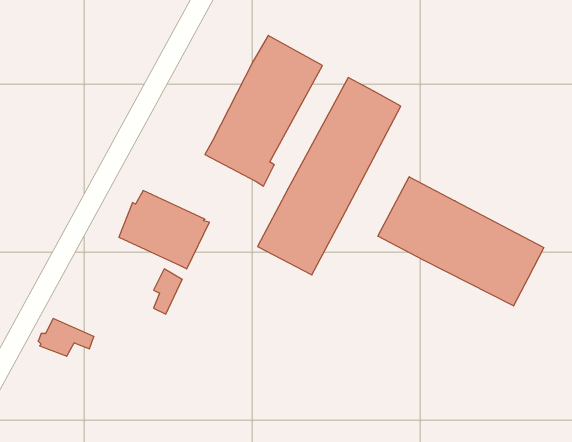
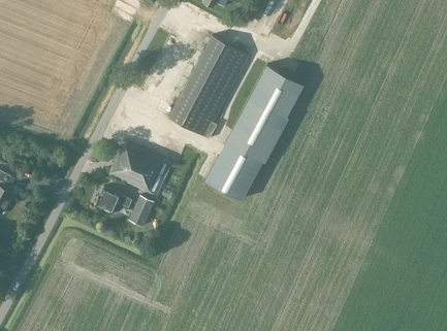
building: [378,177,544,306] -> none
building: [38,319,94,356] -> [93,189,131,214]

